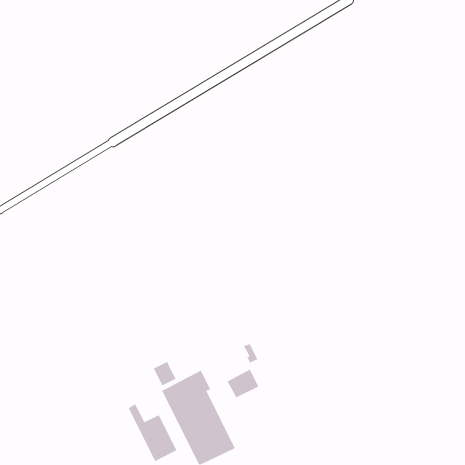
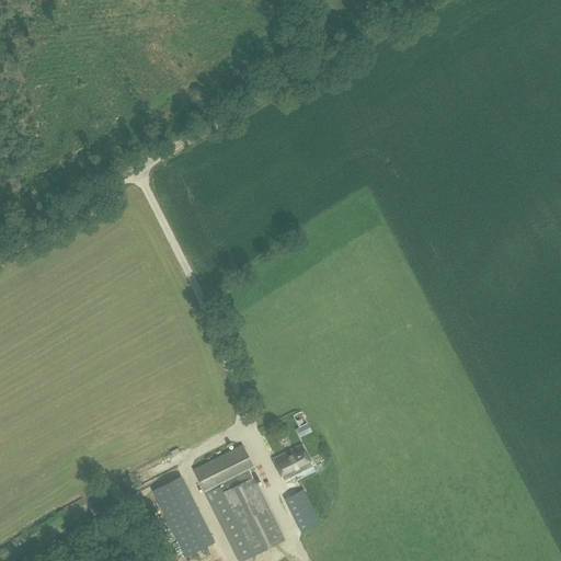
building: [153,361,176,386] -> [163,477,192,507]
building: none -> [286,491,319,533]

